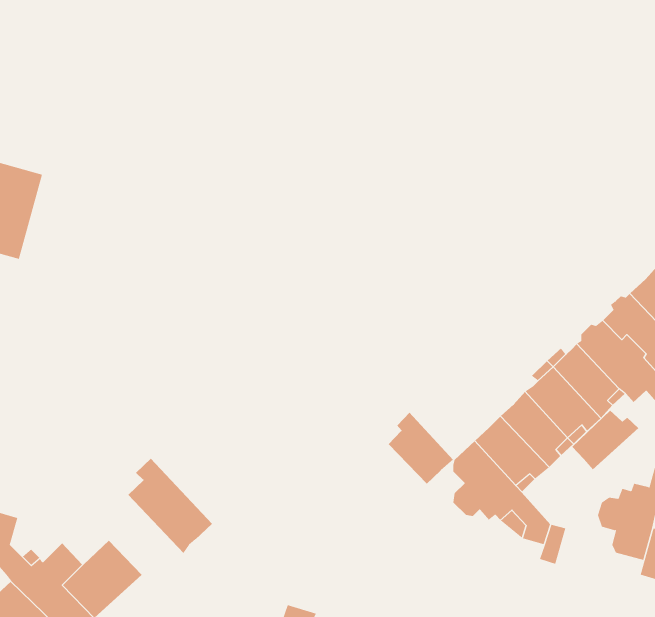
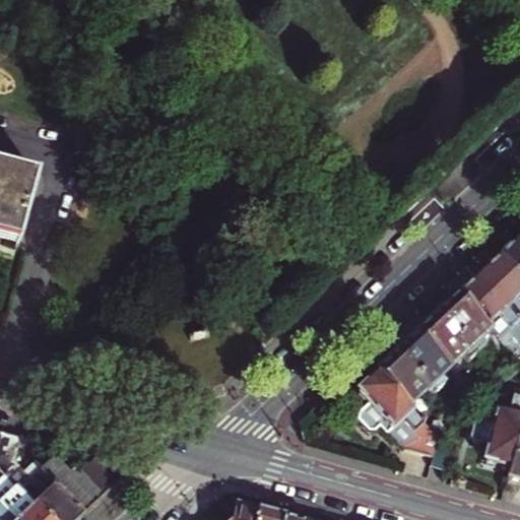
building: [571,410,639,470] -> none
building: [388,412,454,485] -> none
building: [127,458,213,554] -> none

